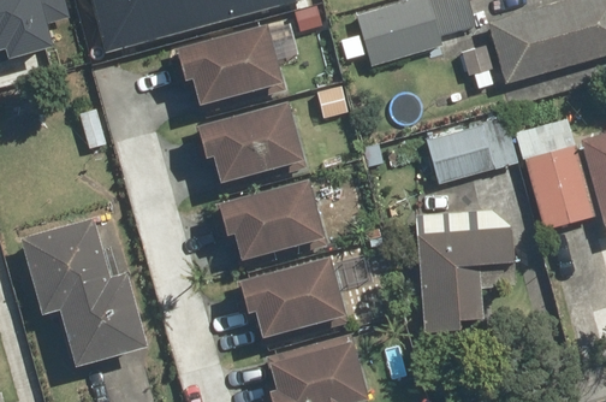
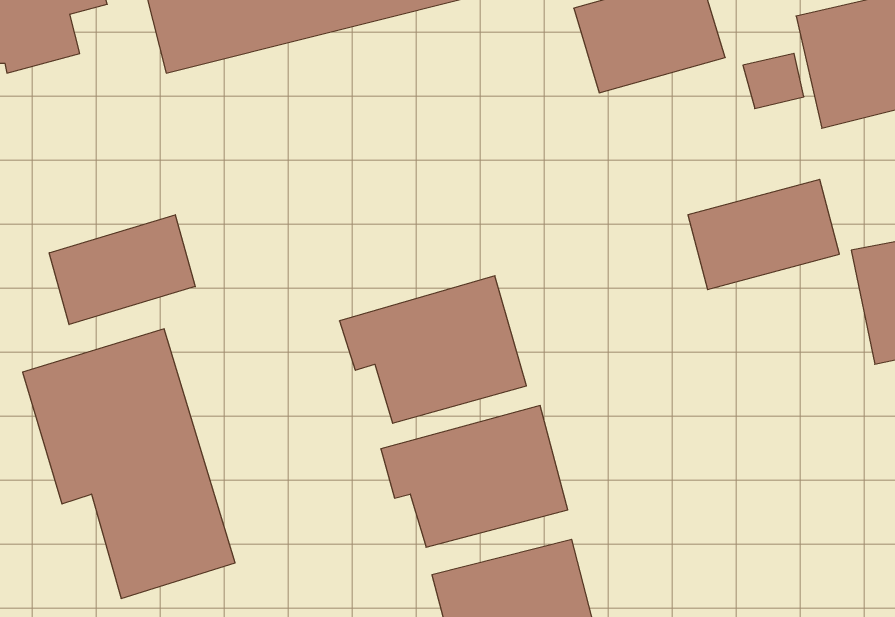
building: [171,17,287,105] -> none
building: [194,96,309,190] -> none
building: none -> [49,215,195,325]
building: [418,224,517,325] -> none

